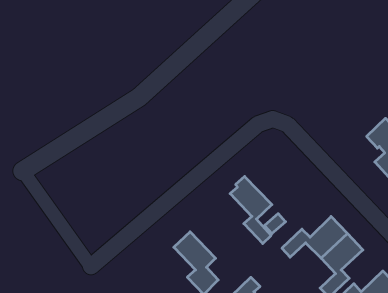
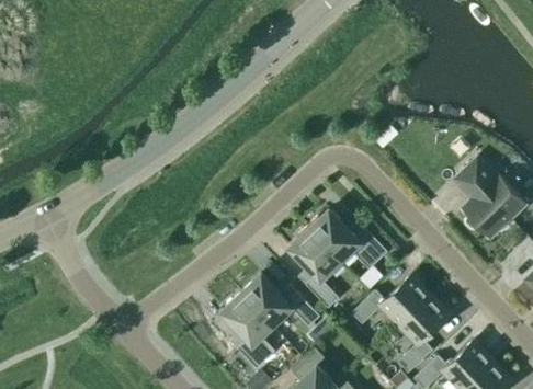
building: none -> [307,210,388,270]
building: none -> [241,274,320,327]

